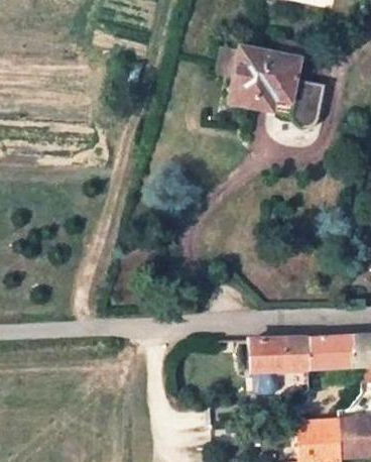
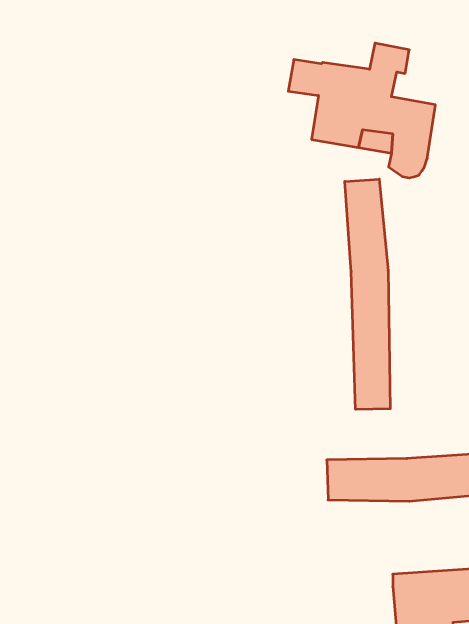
building: none -> [345,179,390,409]

